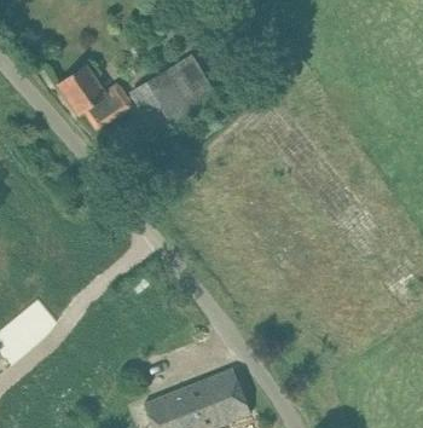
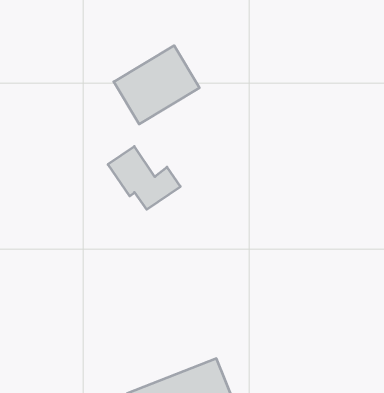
building: [57,64,129,127] -> [108,146,180,209]

